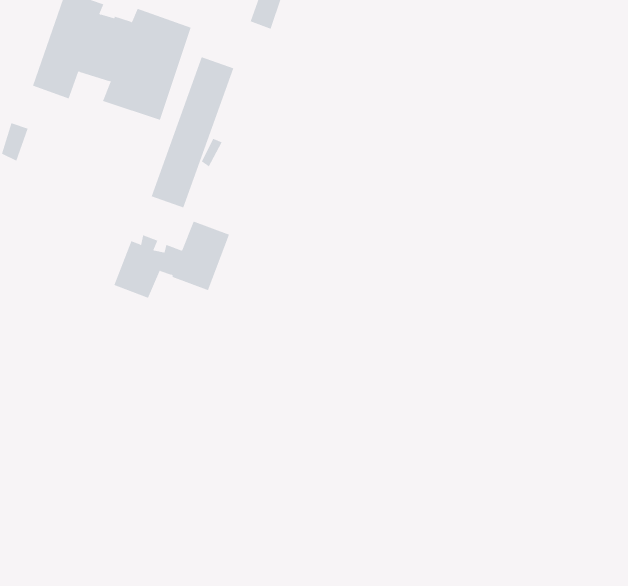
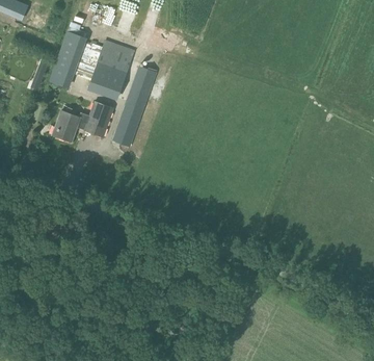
building: [113,221,230,299] -> [52,100,114,141]

